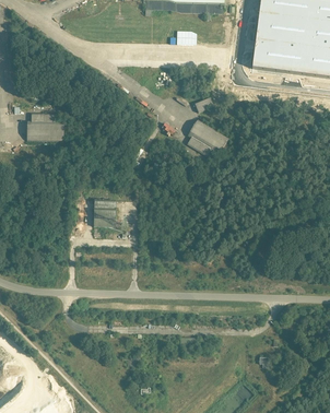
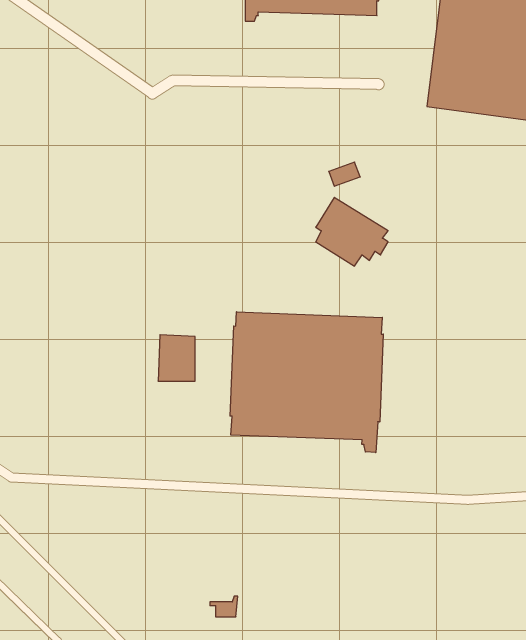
building: [27,114,69,142] -> none
building: none -> [230,312,383,453]

